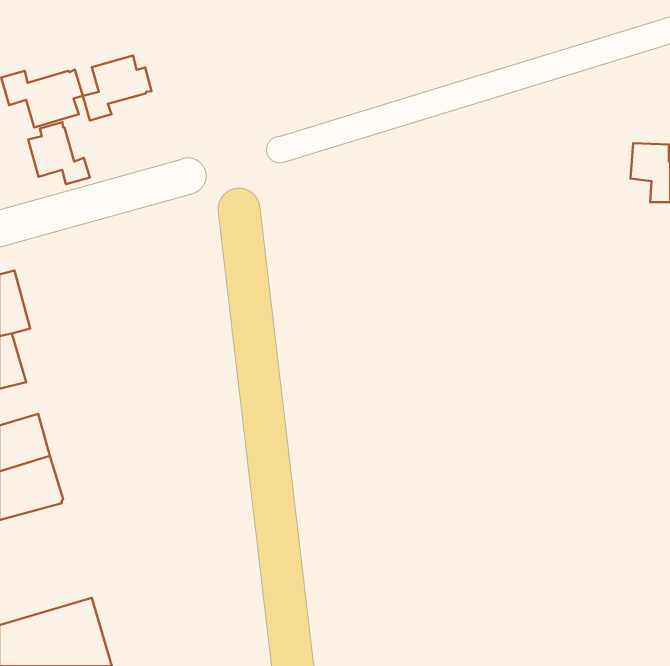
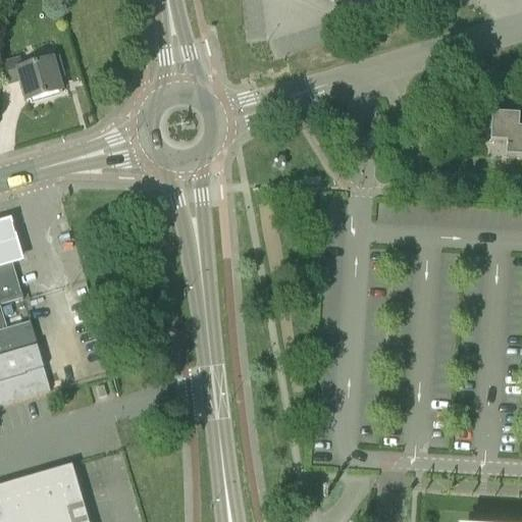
building: [83,56,151,121] -> none
building: [28,122,90,184] -> none

